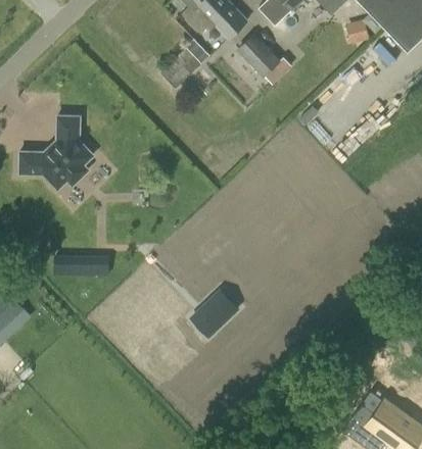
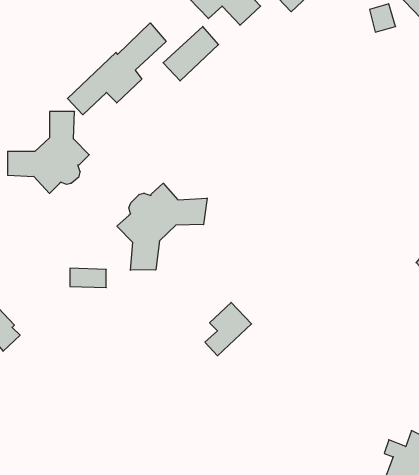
building: [235,33,290,85] -> none
building: none -> [67,23,166,115]
building: none -> [117,183,207,270]

